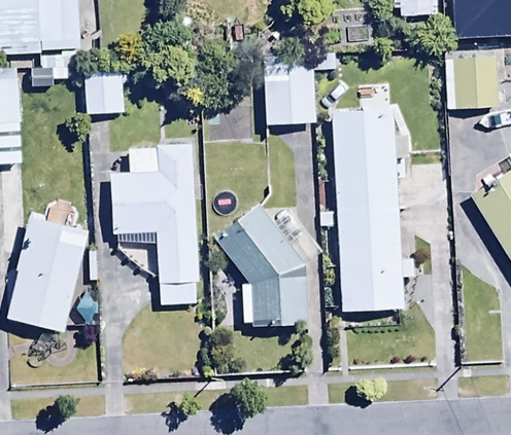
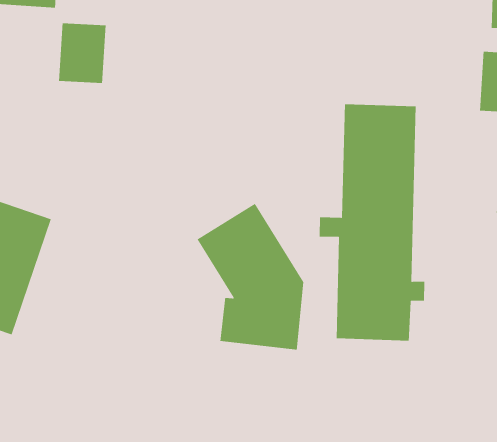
building: [266,52,336,124] -> none
building: [112,143,198,303] -> none

